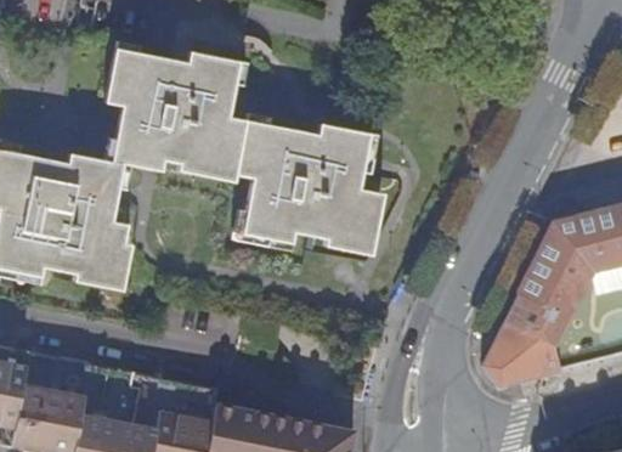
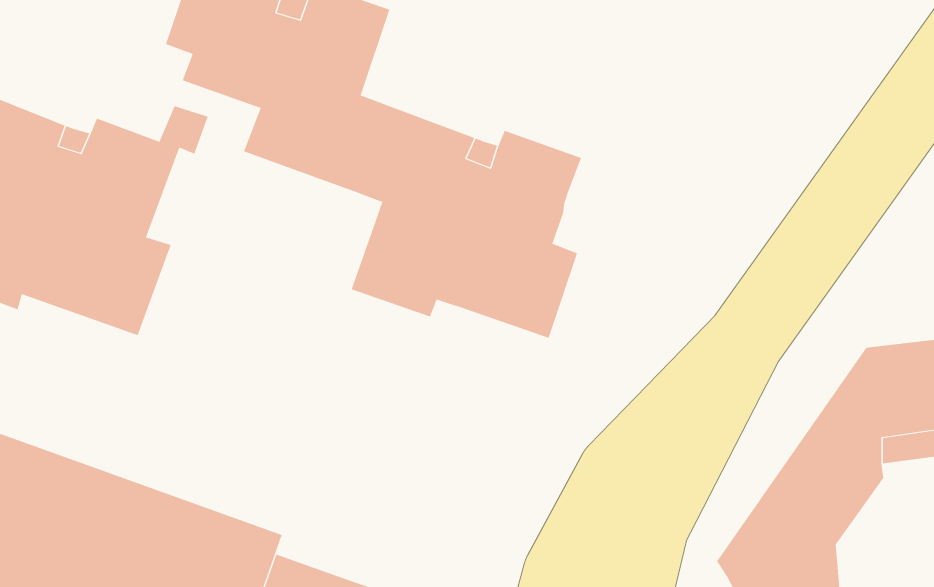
building: [115,123,168,171] -> none

